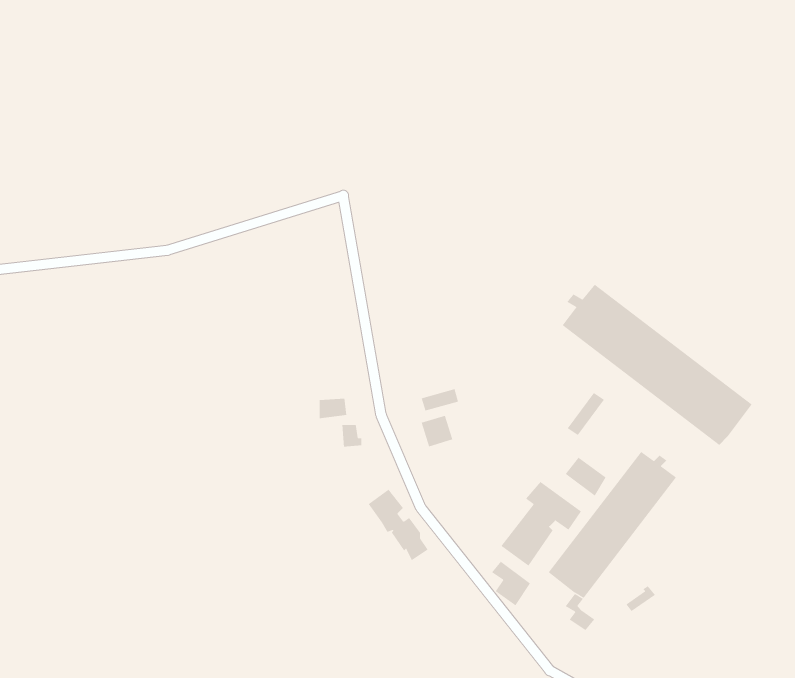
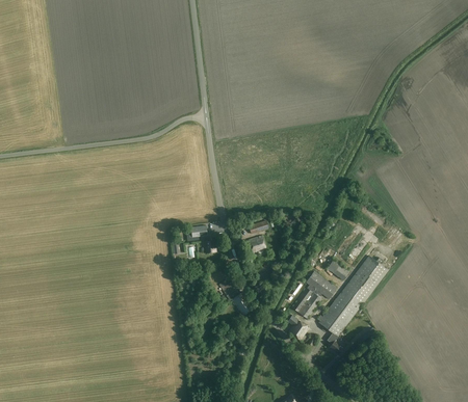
building: [562,284,752,446] -> none

